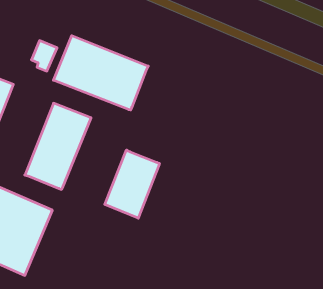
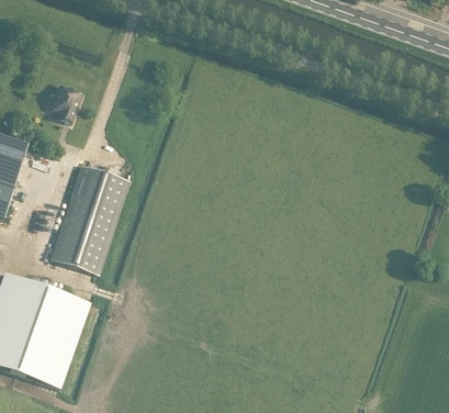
building: [53,36,148,110] -> none
building: [105,150,159,218] -> none

